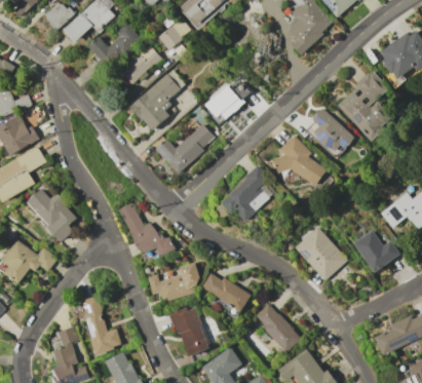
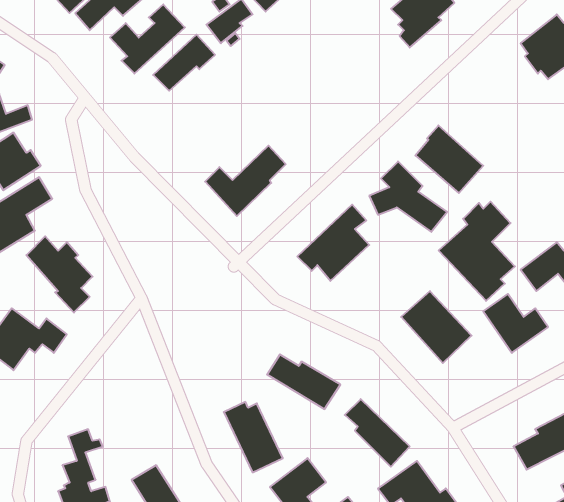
building: [337,71,391,142] -> [439,202,515,301]
building: [128,73,179,131] -> none
building: [205,77,253,122] -> none
building: [119,203,177,257] -> none
building: [147,263,200,302] -> none
building: [74,296,120,355] -> none

